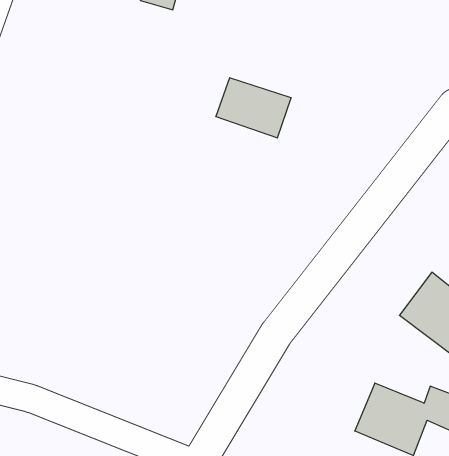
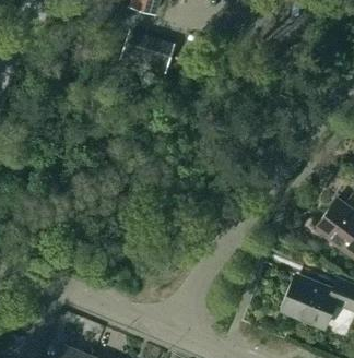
building: [216,78,291,138] -> [122,35,176,77]

